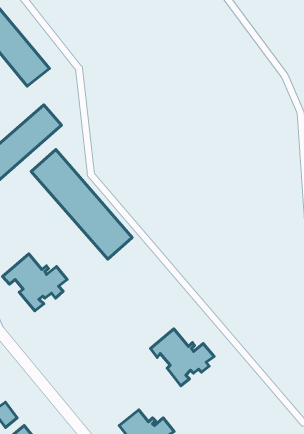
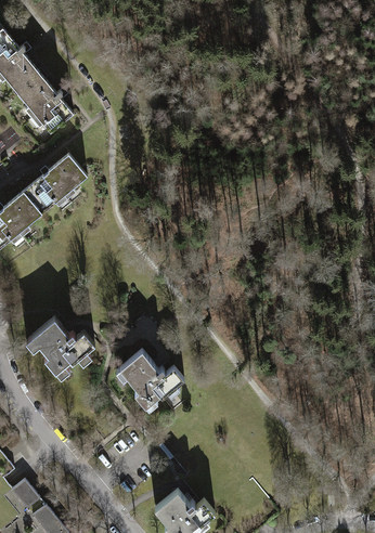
building: [31,150,132,259] -> none
building: [150,329,214,386] -> [109,344,180,407]

